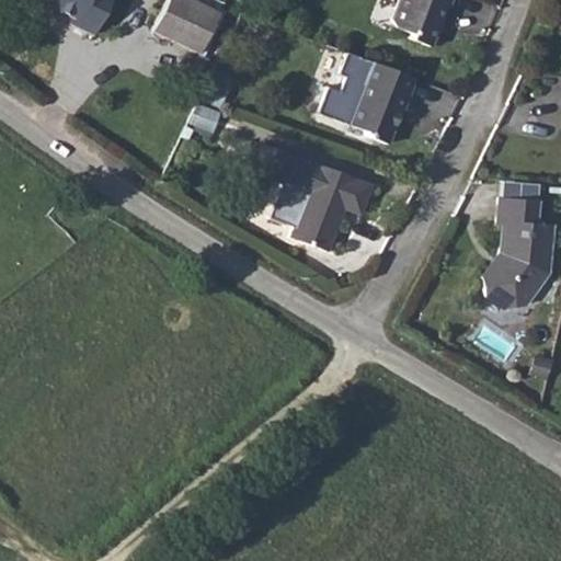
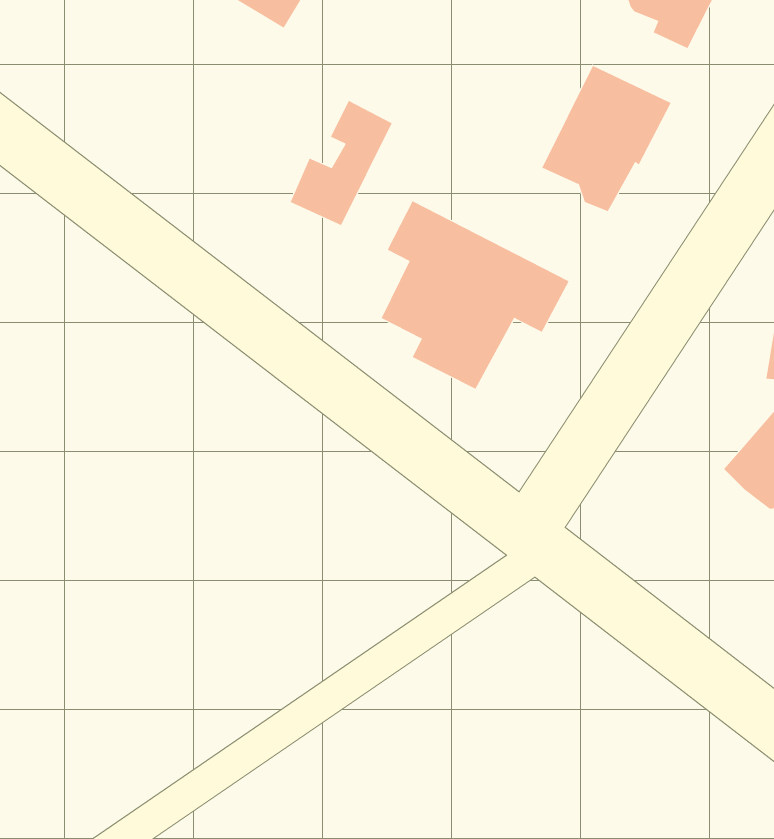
building: [325,49,380,122] -> [290,100,393,226]

